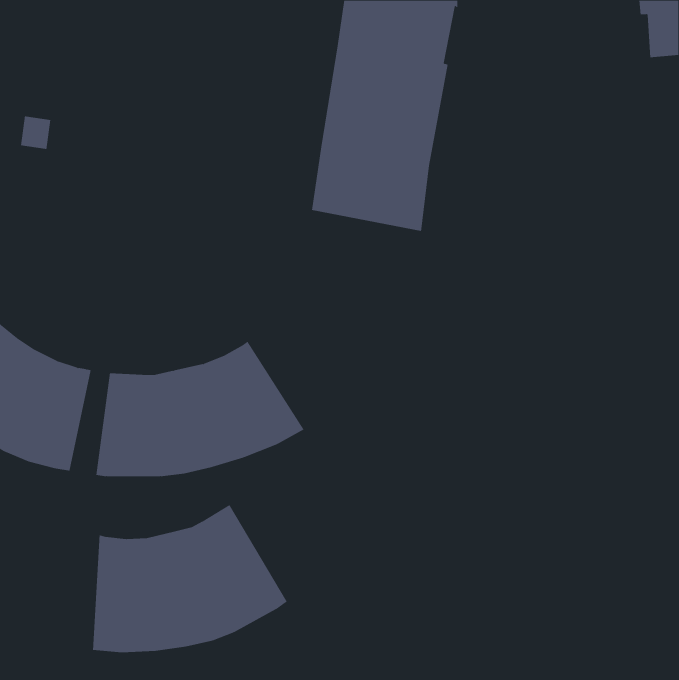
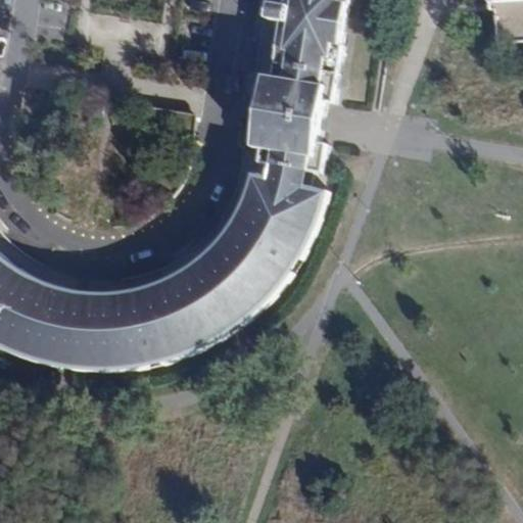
building: none -> [197,171,333,322]
building: [93,504,287,653] -> none

